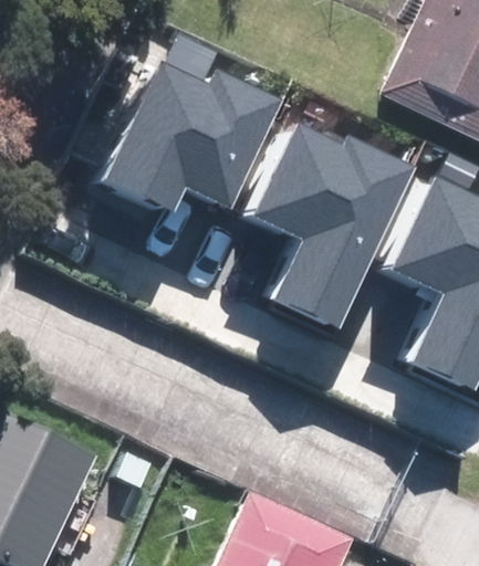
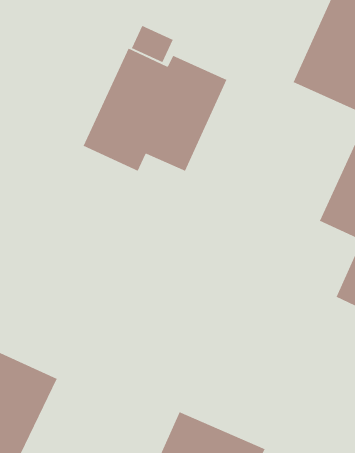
building: [256,123,418,328] -> none

